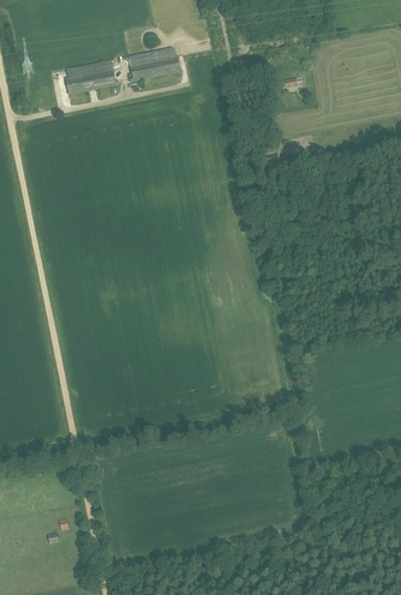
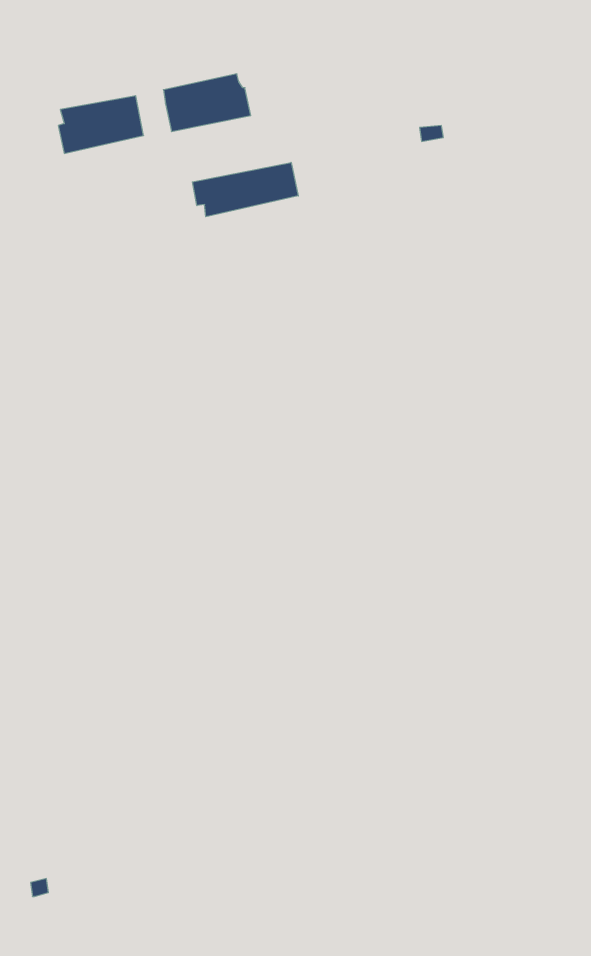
building: none -> [192,162,298,217]

